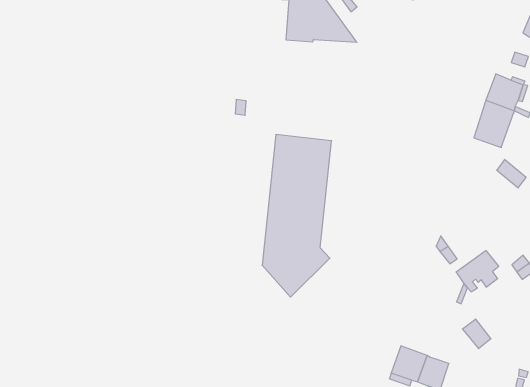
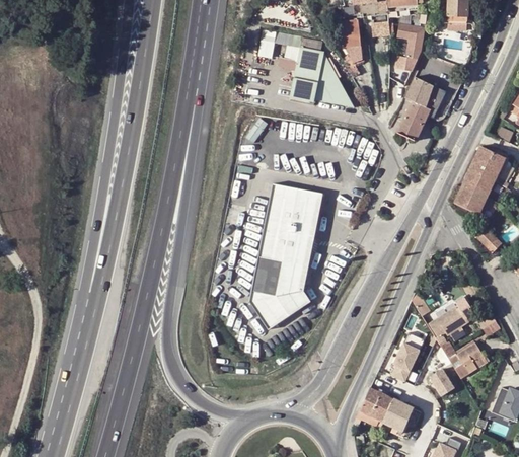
building: none -> [396,77,449,142]
building: none -> [391,332,425,382]
building: none -> [440,341,486,378]

